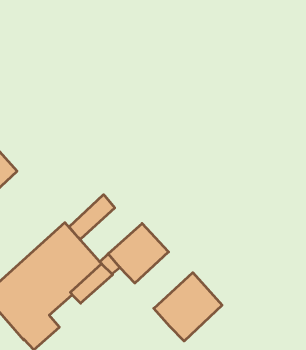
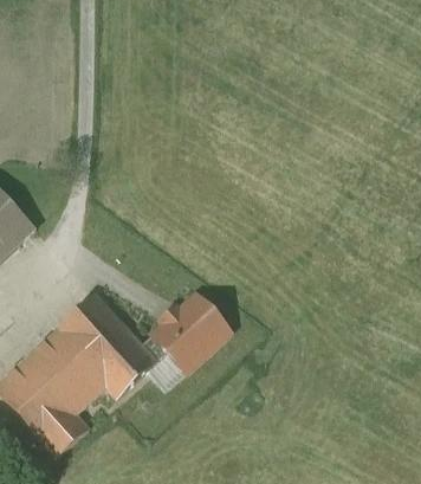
building: [69,195,115,239] -> none
building: [154,273,222,341] -> none

